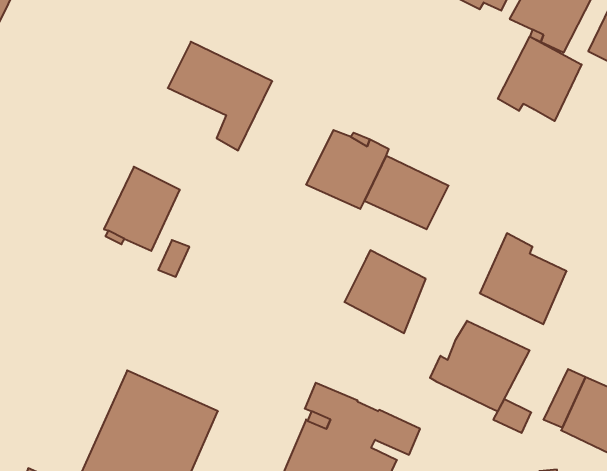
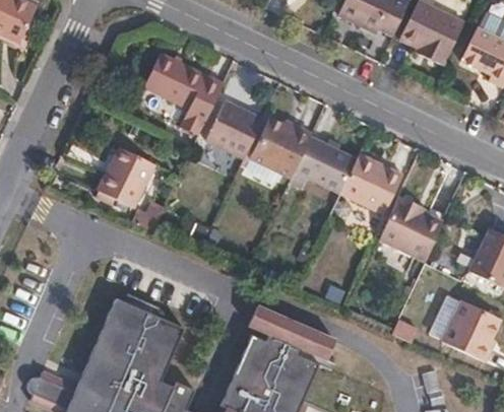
building: [498,36,582,121] -> none
building: none -> [204,100,262,158]
building: [344,250,426,333] -> [339,154,400,216]
building: [430,321,530,412] -> none

